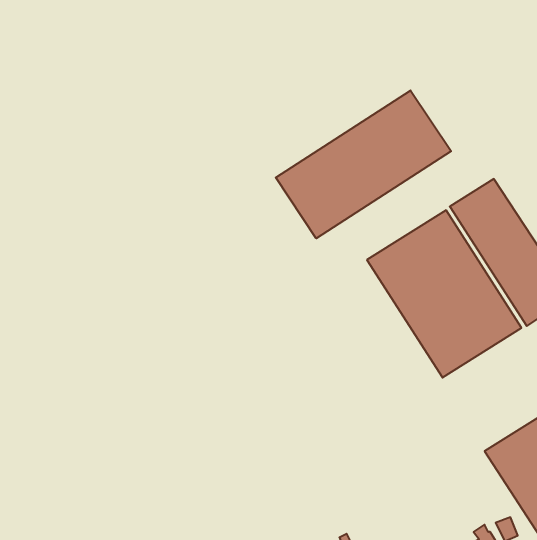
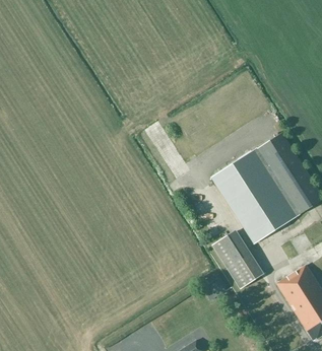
building: [276,90,451,238] -> none
building: none -> [199,217,261,289]

